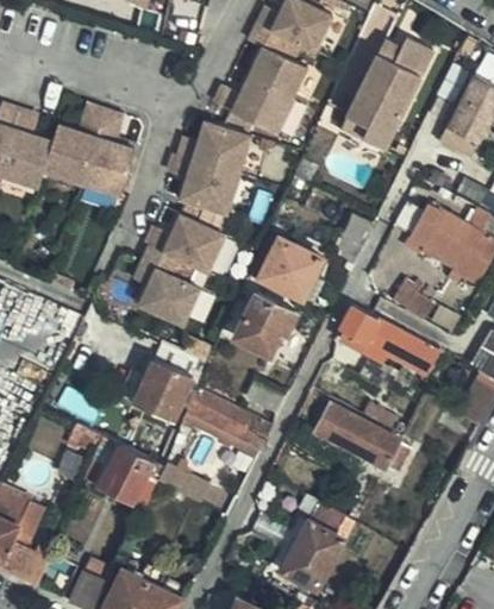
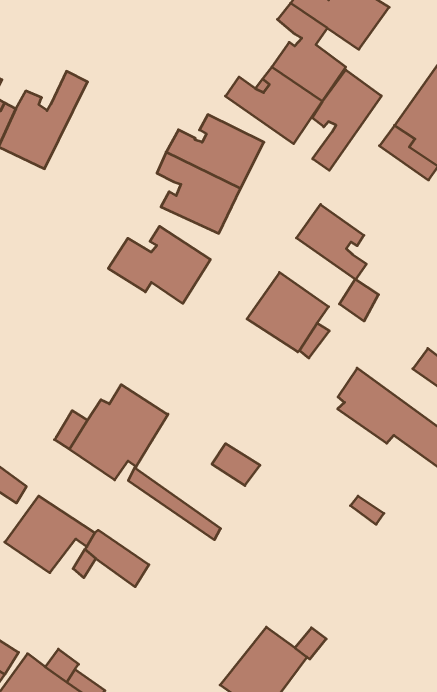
building: none -> [312,70,381,170]
building: [80,109,135,196] -> none
building: none -> [296,204,366,279]
building: [131,255,198,326] -> none
building: [233,293,295,352] -> none
building: [186,385,271,447] -> none
building: [314,403,412,473] -> none

